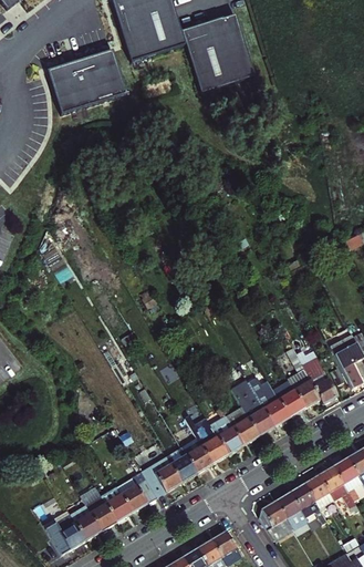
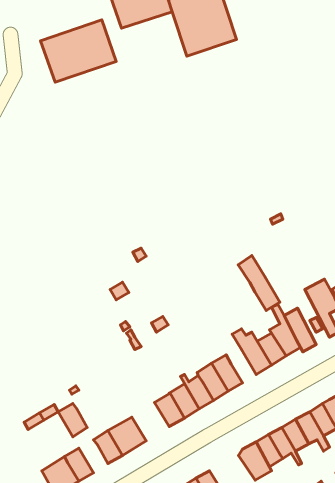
building: [230,378,274,436] -> [238,255,280,310]
building: [142,457,181,498] -> none
building: [85,497,116,533] -> [58,404,87,437]

